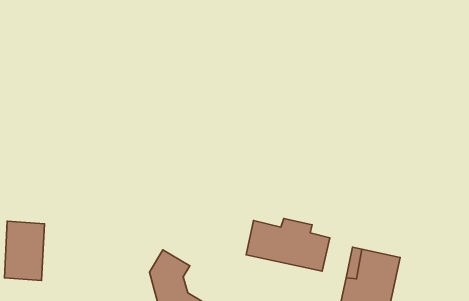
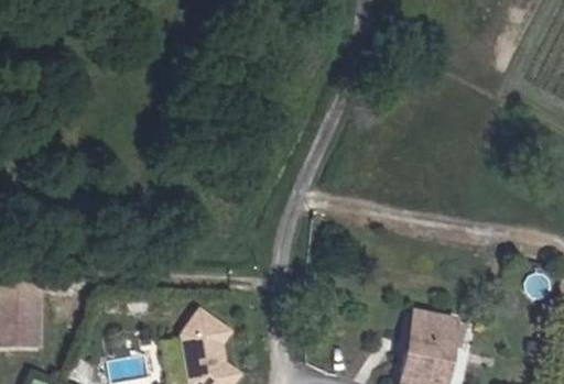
building: [246,218,330,271] -> none

